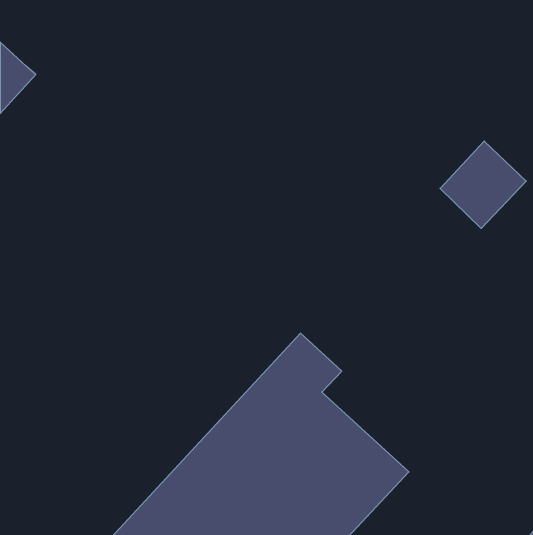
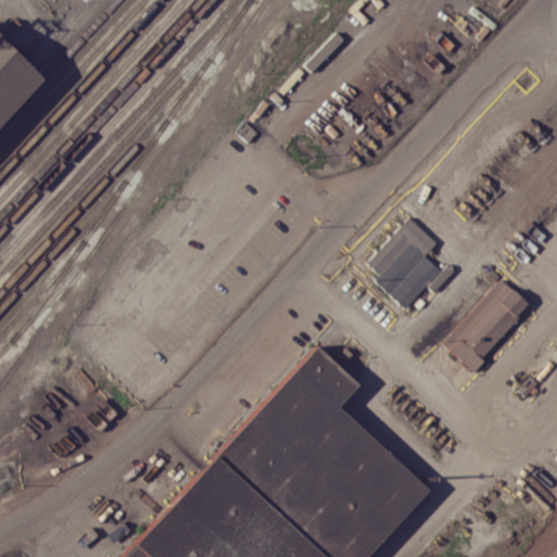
building: [440,141,526,228] -> [368,218,457,308]
building: none -> [443,281,533,372]

